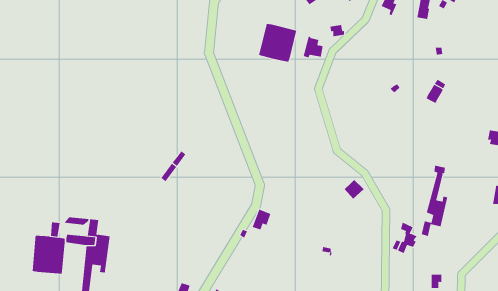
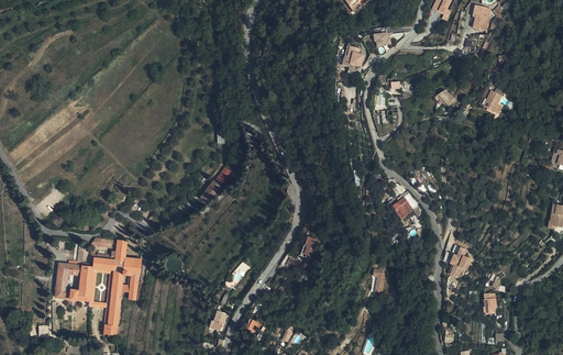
building: [259,23,297,63] -> none
building: [421,165,448,237] -> none

